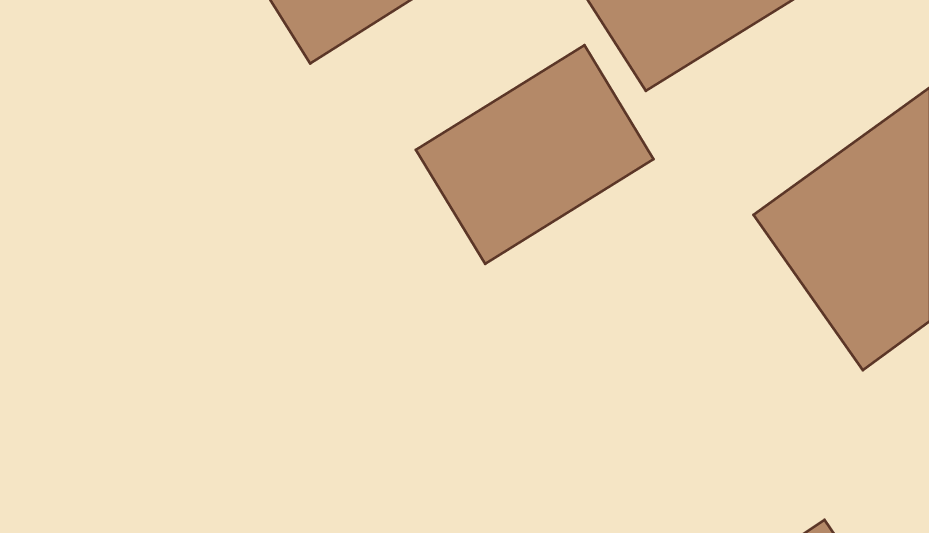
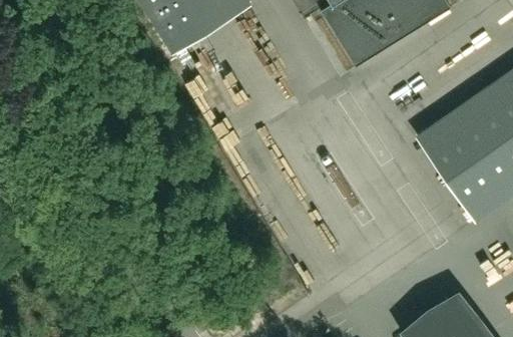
building: [416,45,654,264] -> none

